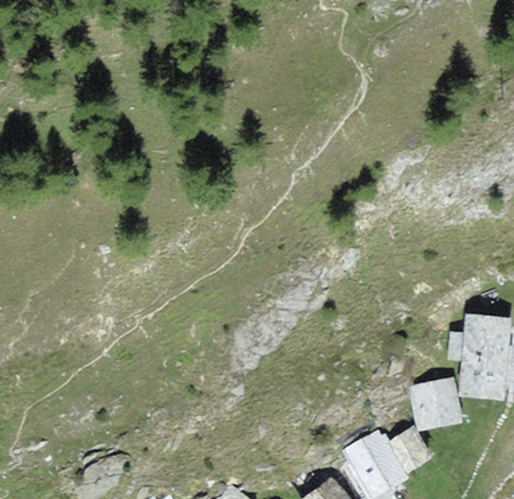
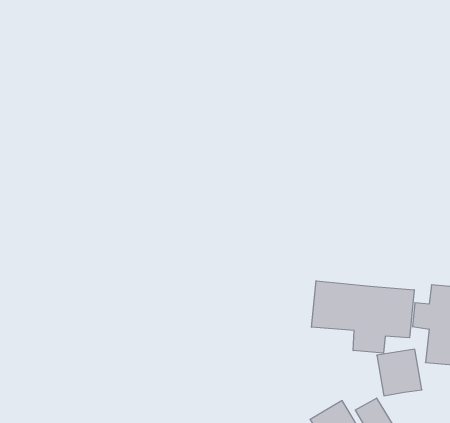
building: none -> [312,281,414,353]

